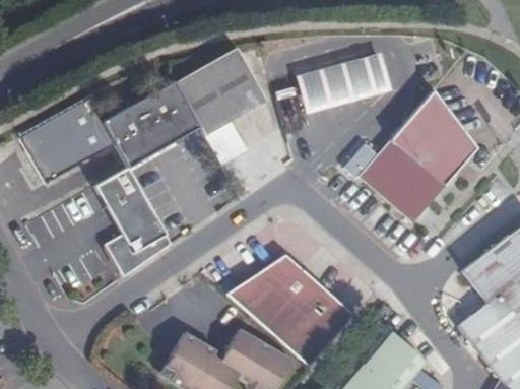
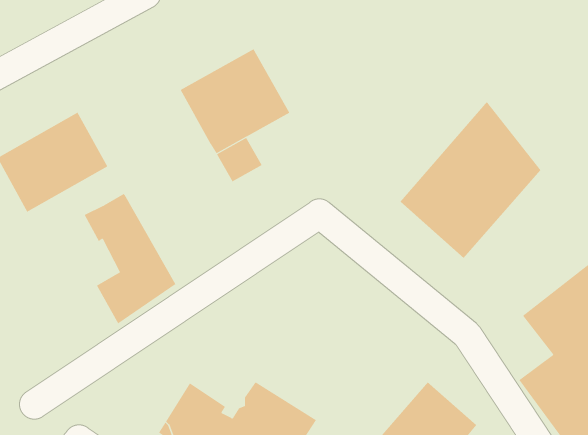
building: [297,54,392,115] -> none
building: [102,80,200,169] -> none
building: [228,252,349,363] -> none

